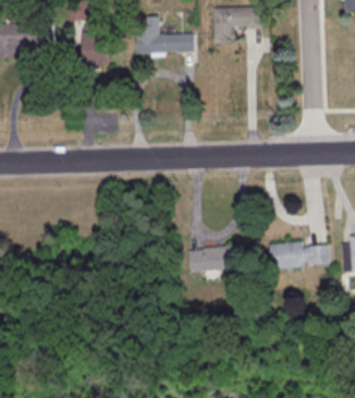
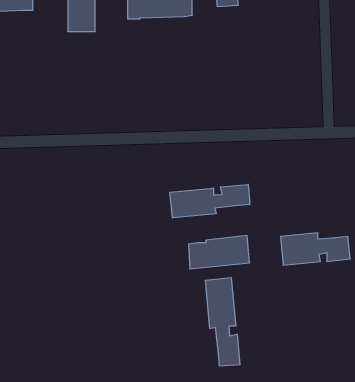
building: none -> [170,184,250,218]
building: none -> [205,278,240,366]

